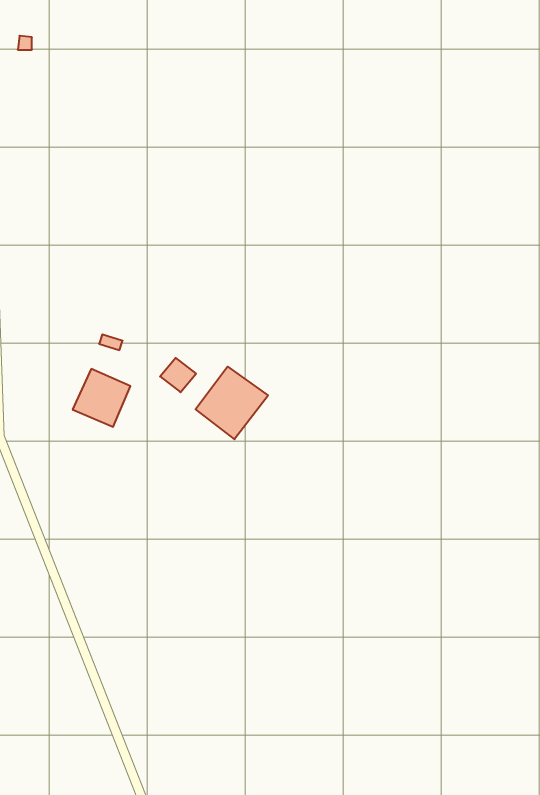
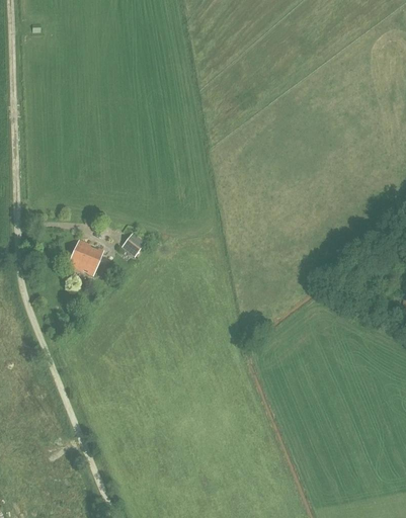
building: [196,367,268,439] -> none

